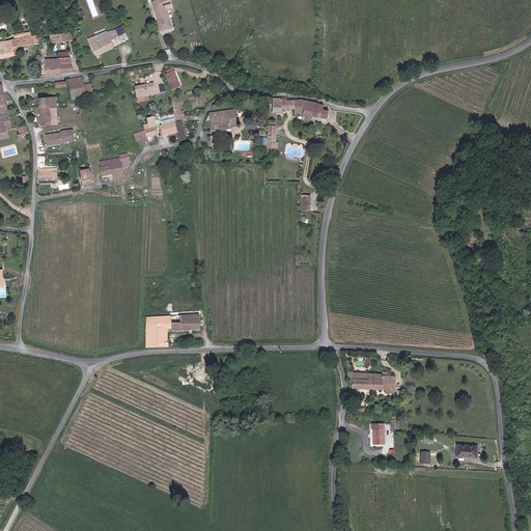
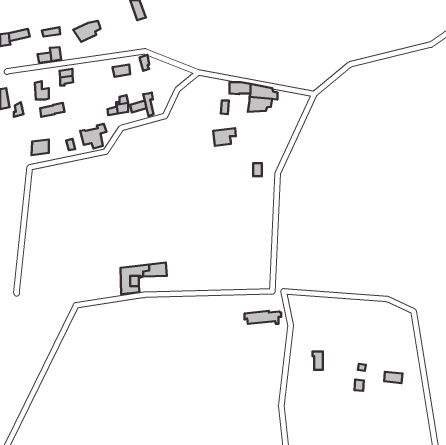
building: [211,111,237,132] -> [213,128,236,146]
building: none -> [248,97,272,112]
building: [345,373,389,389] -> [244,311,281,324]

